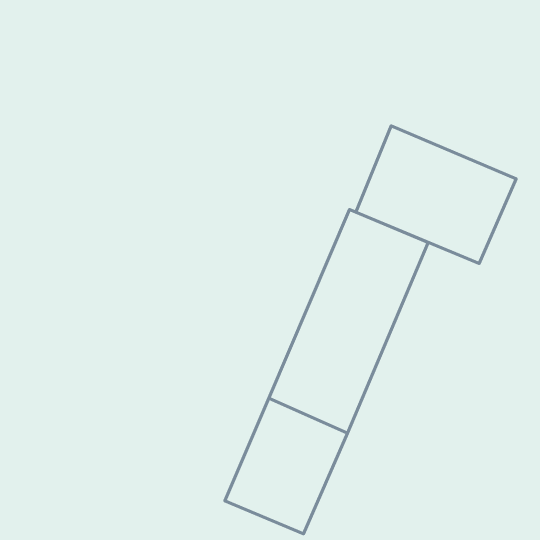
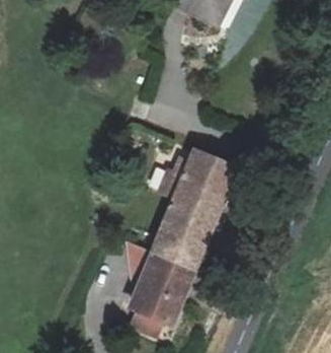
building: [356,126,516,264] -> none

